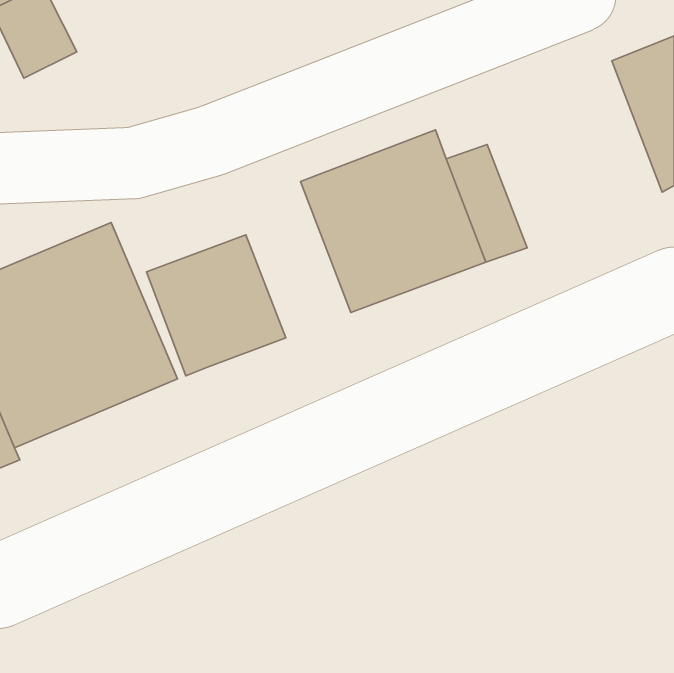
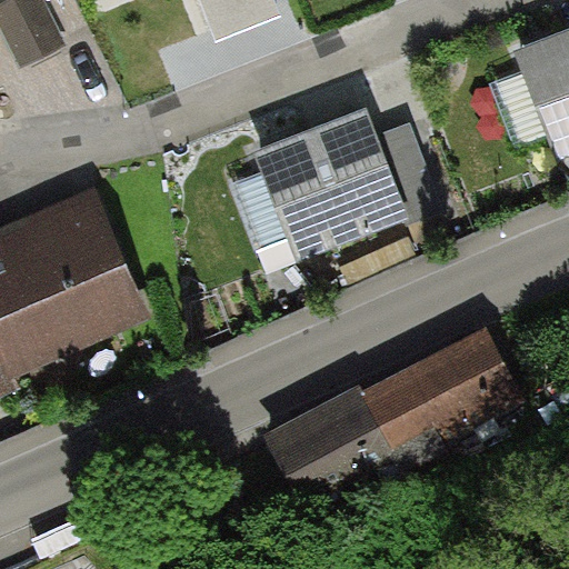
building: [147,235,286,376] -> none
building: none -> [262,325,522,508]

